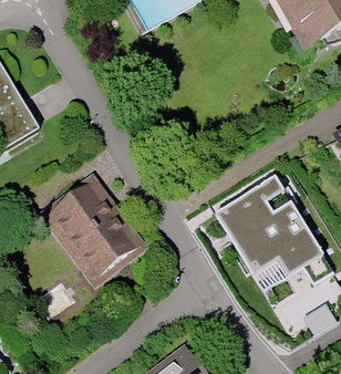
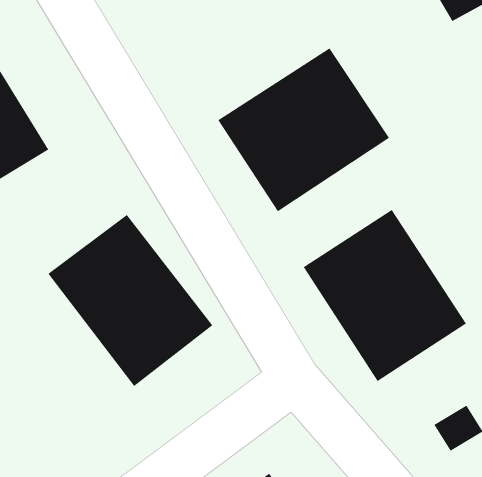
building: none -> [218,48,390,212]

